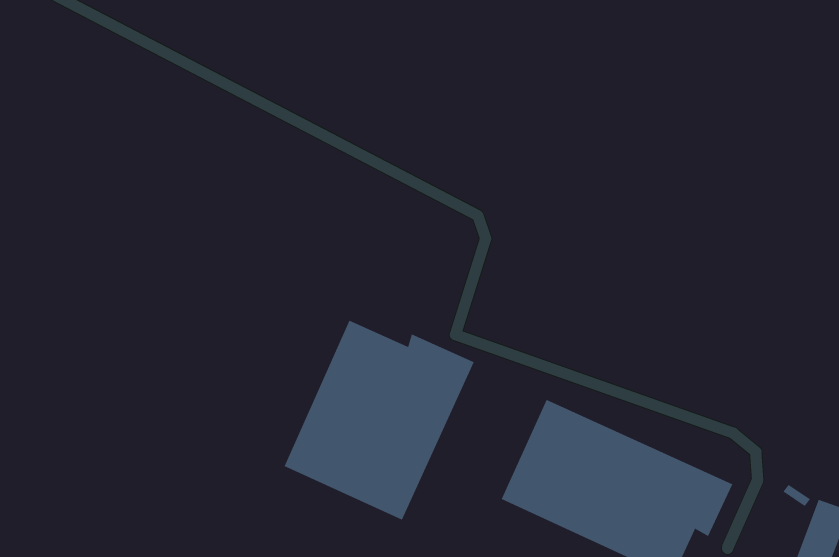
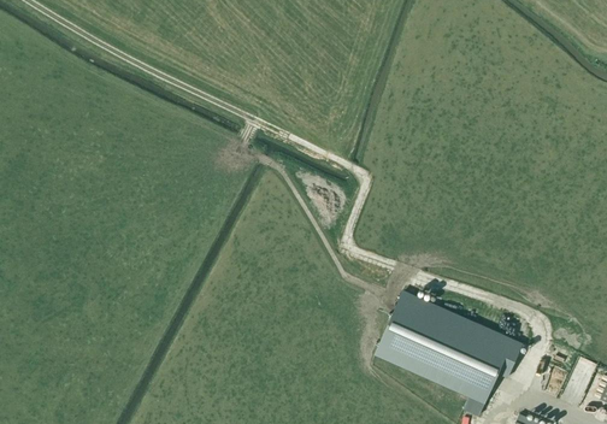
building: [284,320,474,521] -> none

